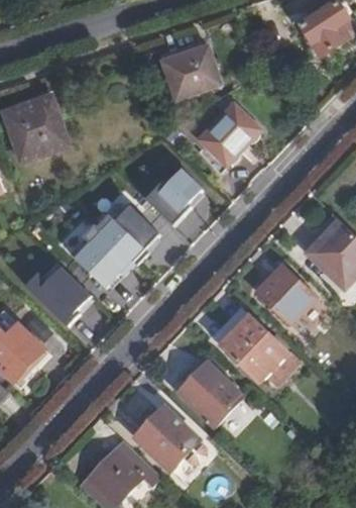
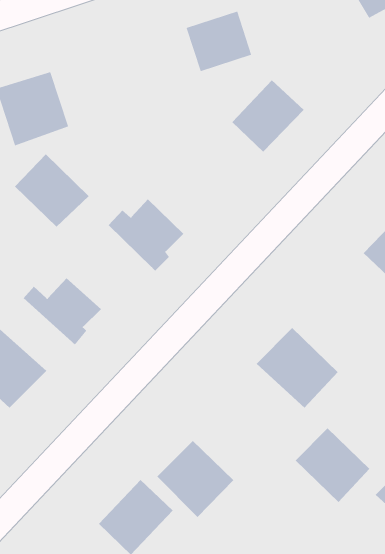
building: [144,172,201,227] -> none
building: [70,227,132,289] -> [14,154,89,228]
building: [258,264,311,317] -> none
building: [181,362,243,424] -> [295,428,370,503]

